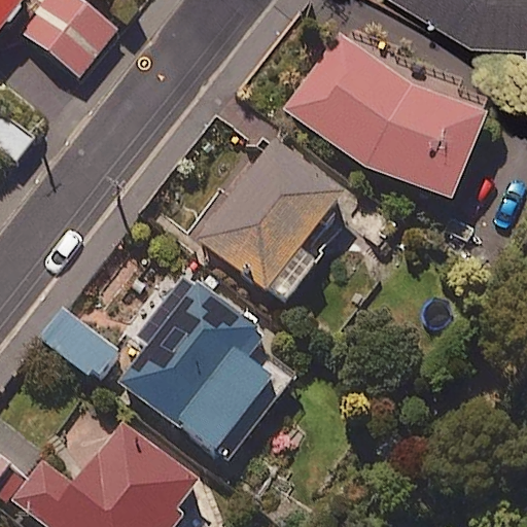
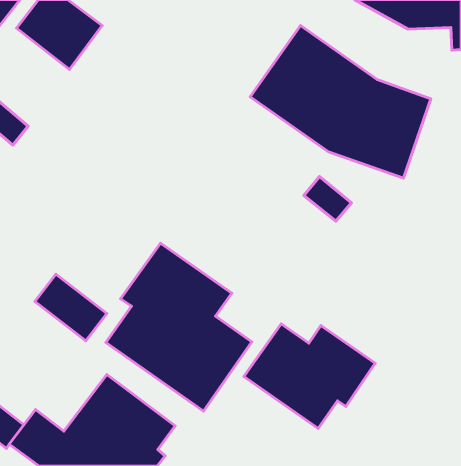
building: [196,138,343,303] -> none
building: none -> [244,324,375,429]

